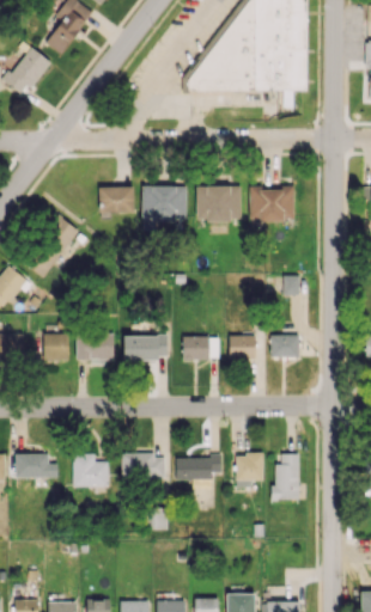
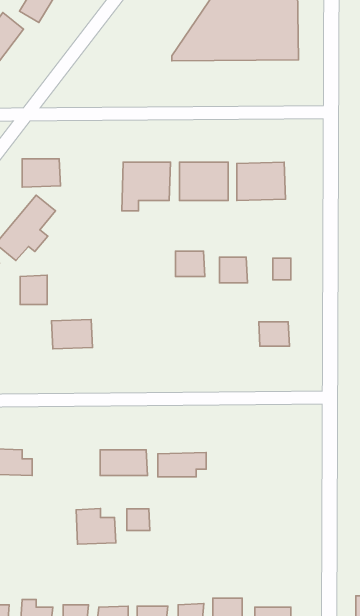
building: [99,186,135,213] -> [22,159,60,187]
building: [44,332,69,360] -> [20,275,47,305]
building: [124,335,169,360] -> none
building: [230,335,256,359] -> [219,257,247,283]
building: [183,336,211,360] -> [175,251,205,277]
building: [73,453,110,486] -> [76,508,116,544]
building: [237,454,264,486] -> none
building: [272,454,300,500] -> none

